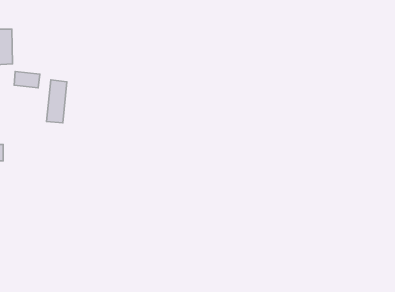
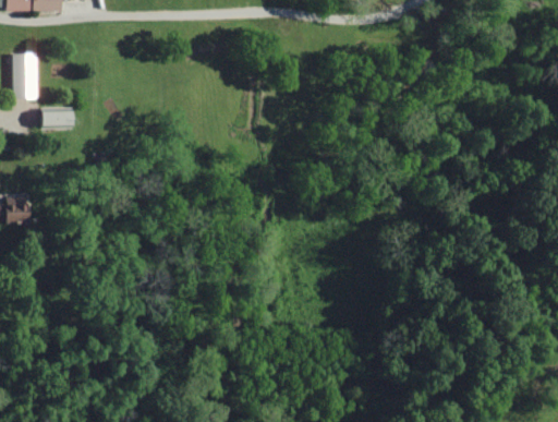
building: [46,80,67,123] -> none

